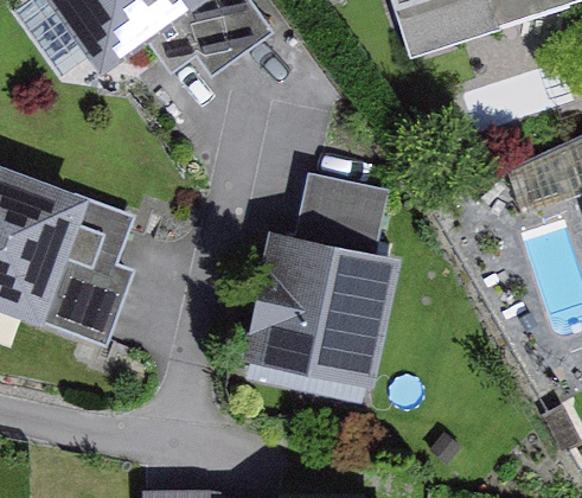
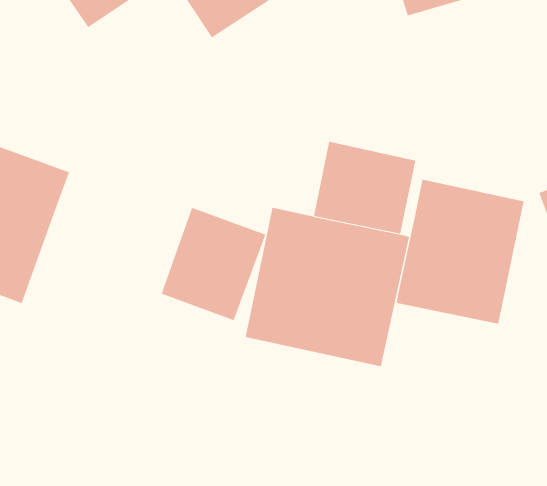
building: none -> [396,179,524,325]
building: [41,238,139,343] -> [161,207,266,321]

